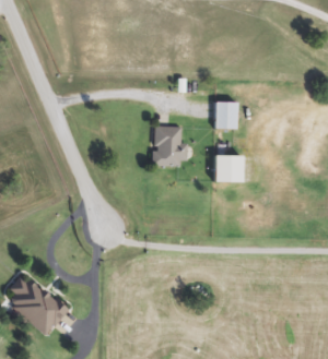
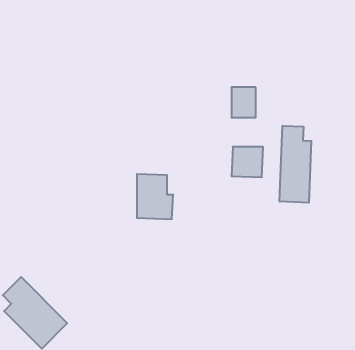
building: [154,125,187,166] -> [137,174,173,219]
building: none -> [280,126,311,203]

